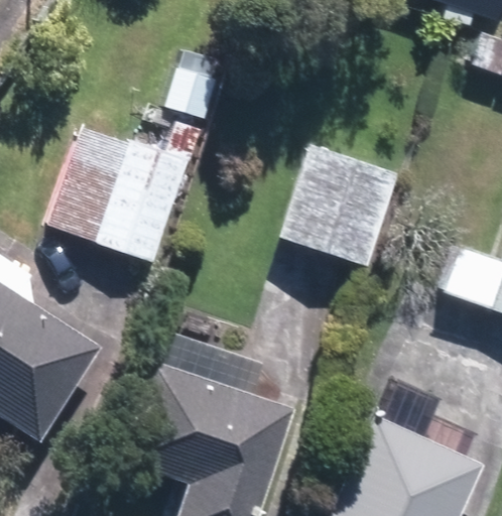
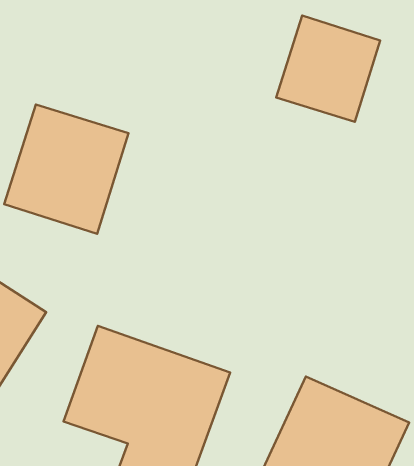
building: none -> [276,15,380,122]
building: [281,146,398,266] -> none

